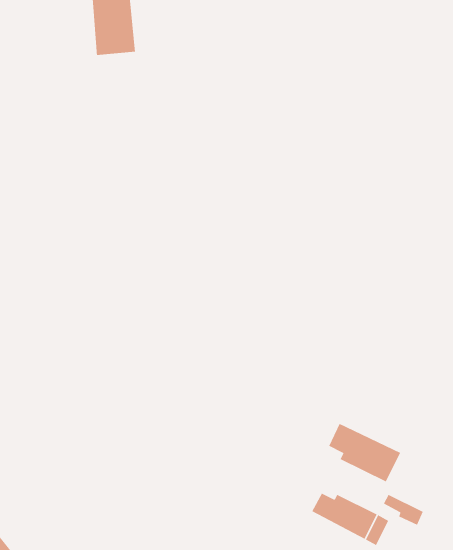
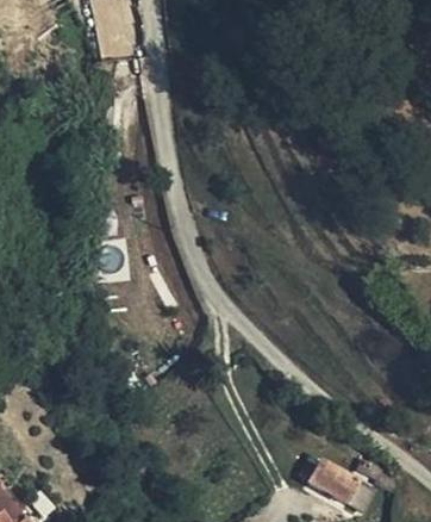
building: [328,423,401,483] -> none

